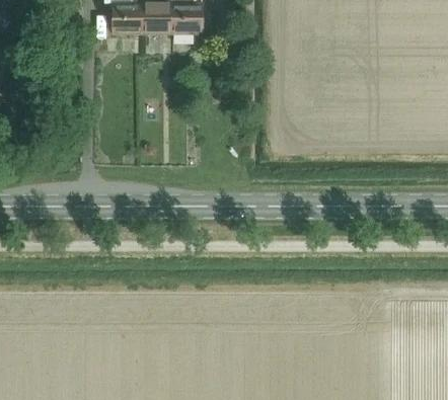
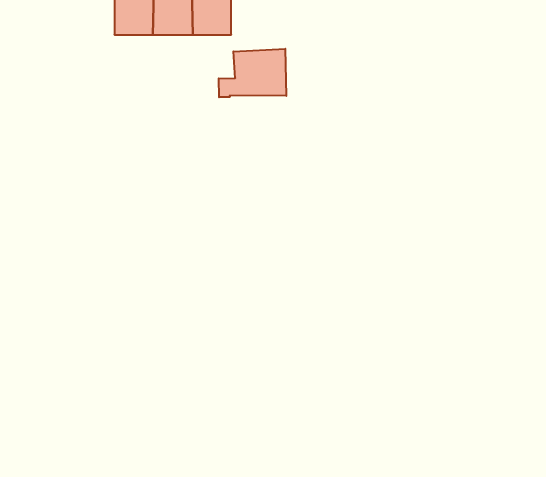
building: none -> [219,49,286,97]

